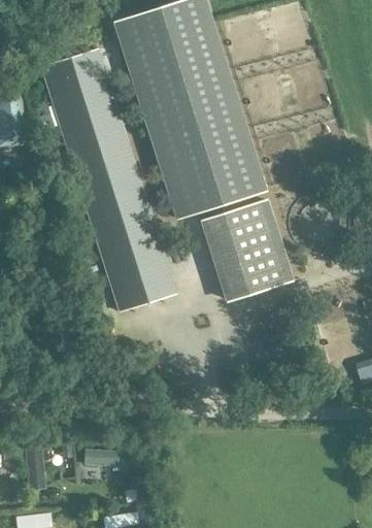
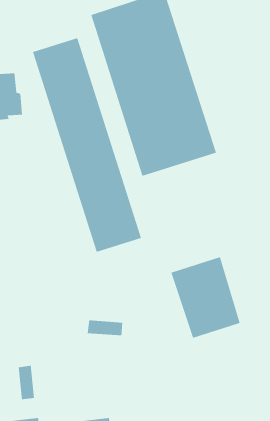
building: [204,201,290,301] -> [171,257,241,338]
building: [82,452,127,471] -> [87,320,123,336]

